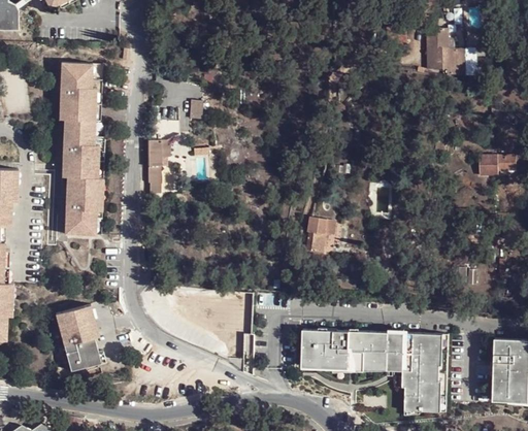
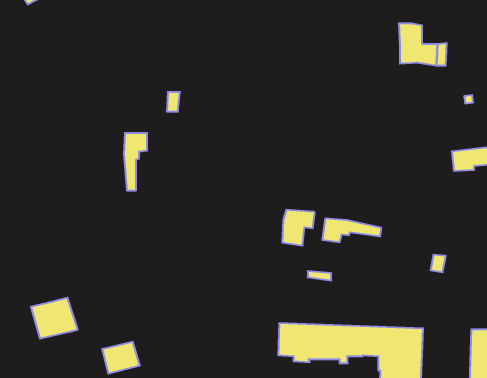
building: [61,63,103,240] -> none
building: none -> [322,218,381,242]
building: [62,339,100,371] -> [102,342,140,374]

